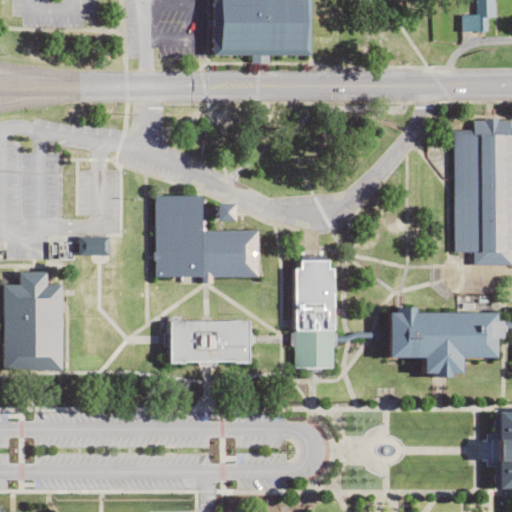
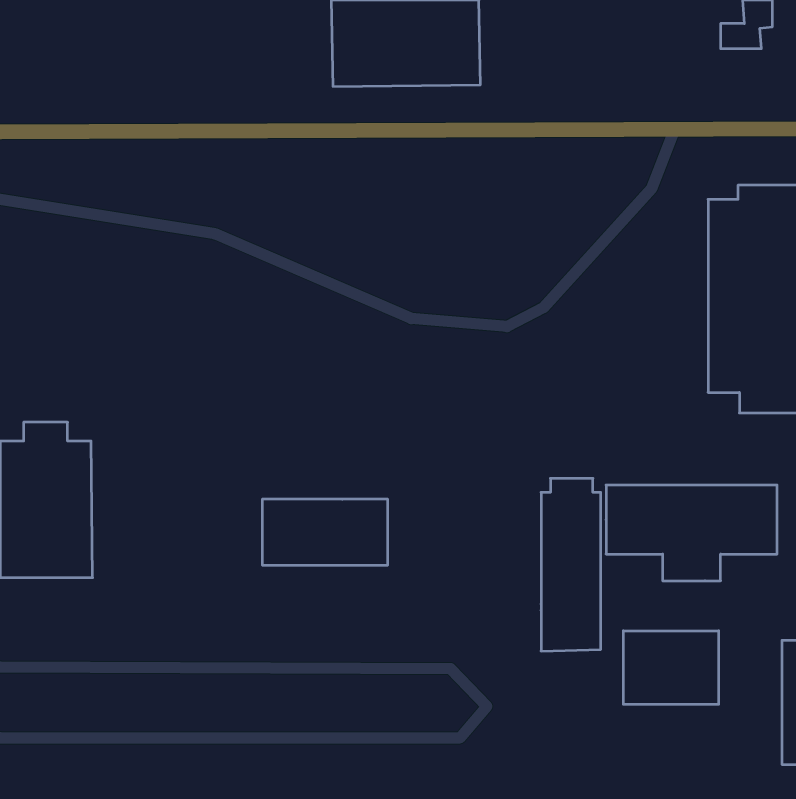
building: [155,195,260,276] -> none
building: [296,259,334,369] -> [541,478,601,651]
building: none -> [623,631,719,704]

